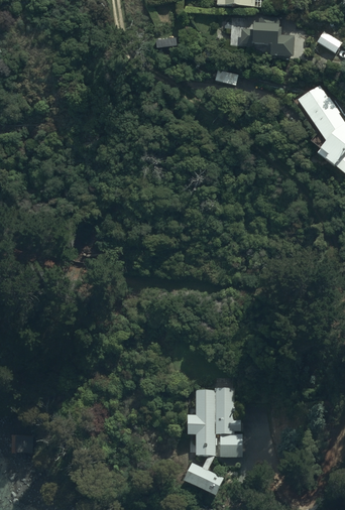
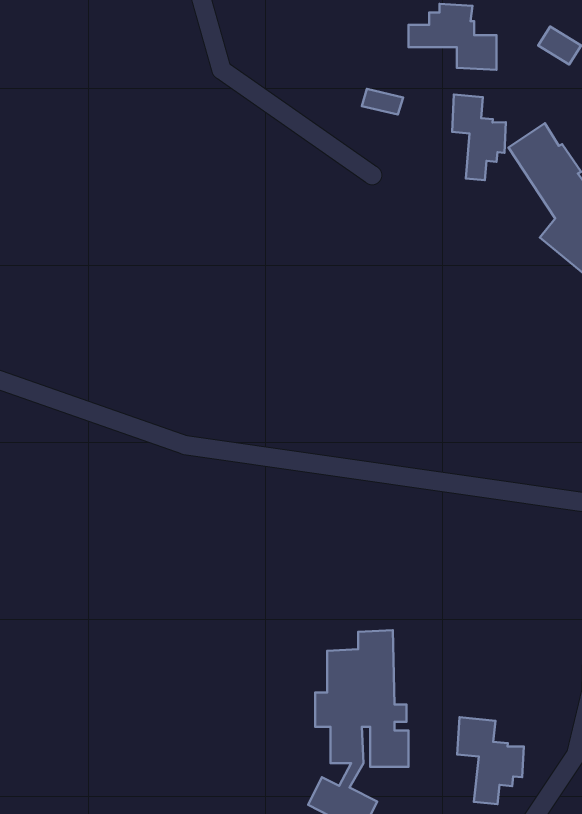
building: none -> [452,95,506,180]
building: none -> [457,717,524,804]

